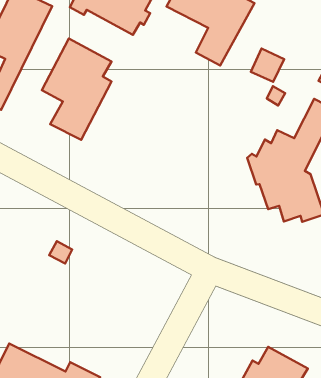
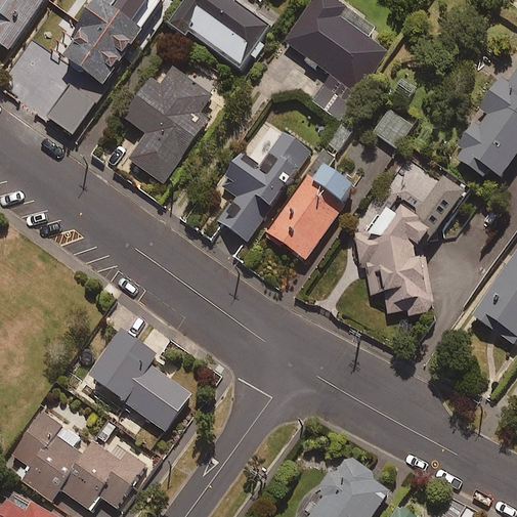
building: none -> [215,129,310,239]
building: none -> [267,148,354,259]
building: none -> [90,333,191,431]

